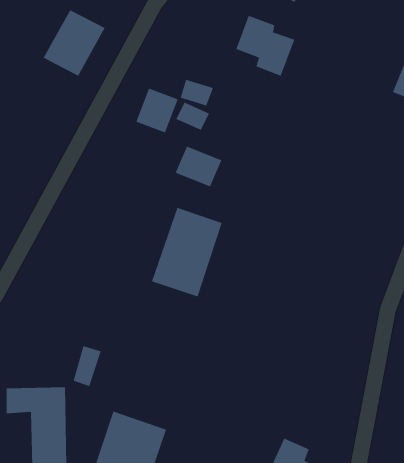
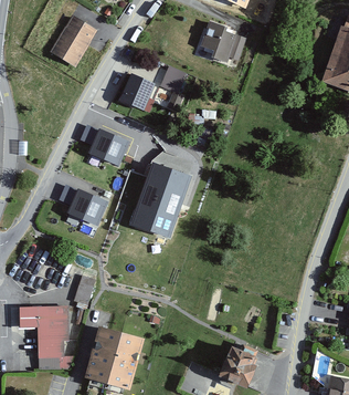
building: [175,146,222,187] -> [88,133,125,165]
building: none -> [68,194,104,226]

